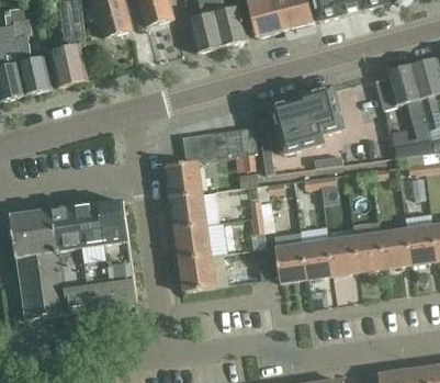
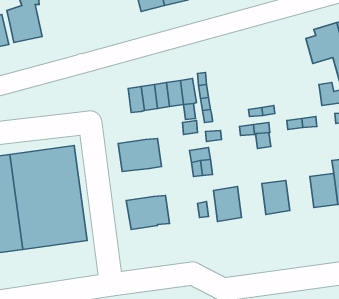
building: [270,86,343,154] -> none
building: [167,161,201,196] -> none
building: [176,224,210,259] -> none
building: [354,233,385,270] -> none
building: [302,240,332,278] -> none

